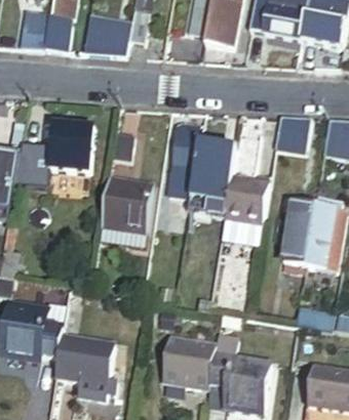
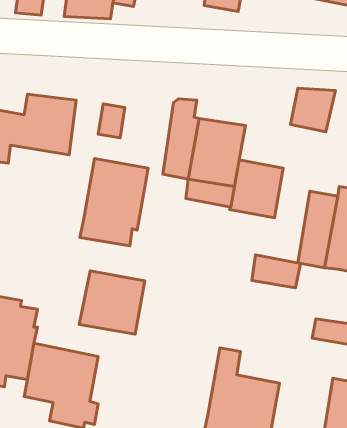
building: [222,217,263,245] -> [252,255,300,288]
building: [159,337,215,390] -> [79,271,145,334]

